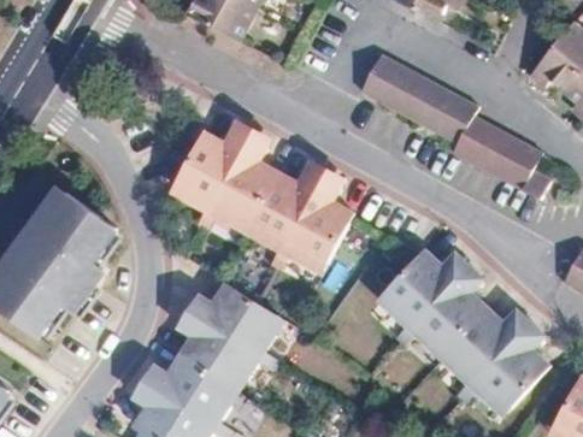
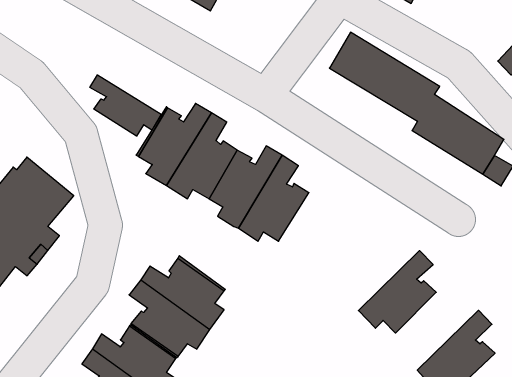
building: none -> [90,75,161,136]
building: [383,253,464,330] -> none
building: [444,307,526,386] -> none

